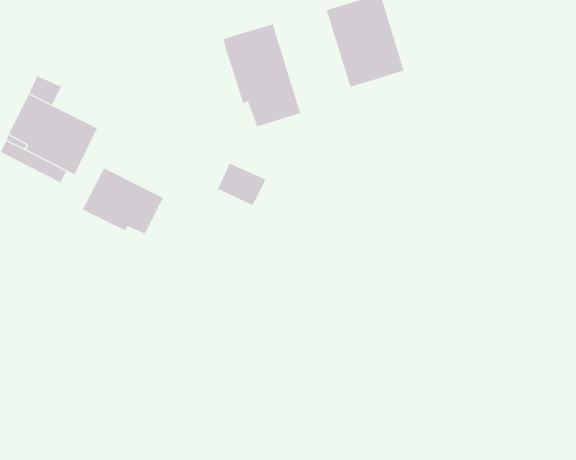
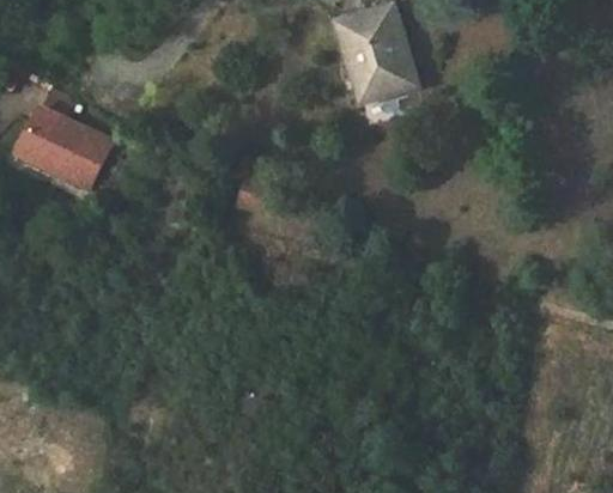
building: [223,24,301,127] -> none
building: [82,168,164,234] -> none

